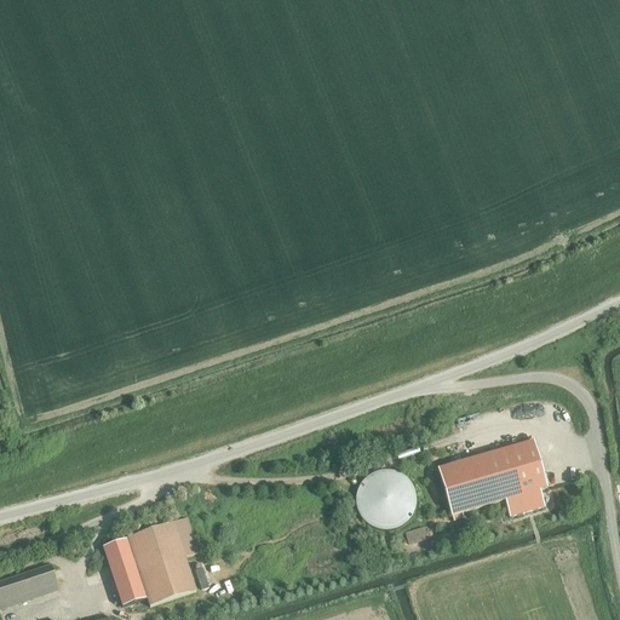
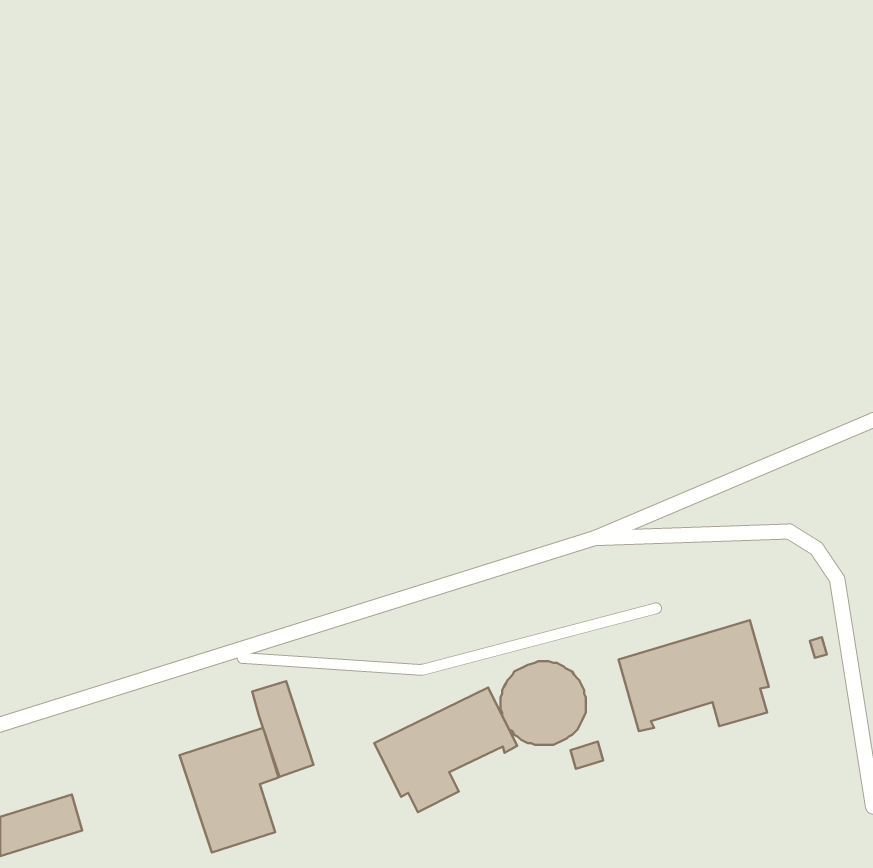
building: none -> [374,688,517,812]
building: [103,538,147,605] -> [252,681,314,777]

